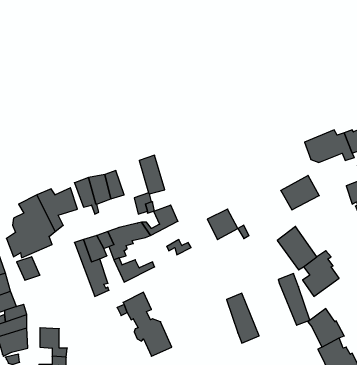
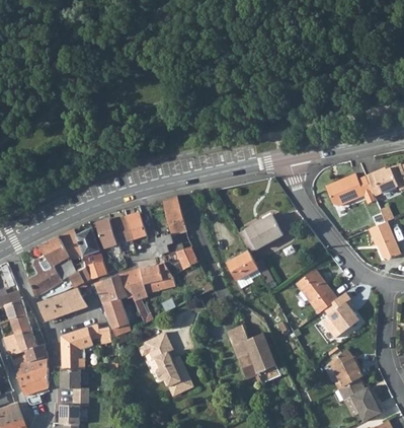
building: [281,175,319,210] -> [243,211,281,245]
building: none -> [70,249,106,285]
building: none -> [53,288,87,315]
building: [278,274,310,325] -> [227,327,258,378]
building: none -> [61,324,109,369]

